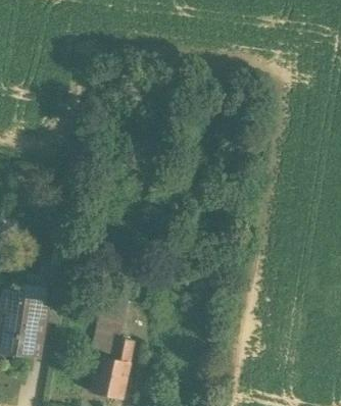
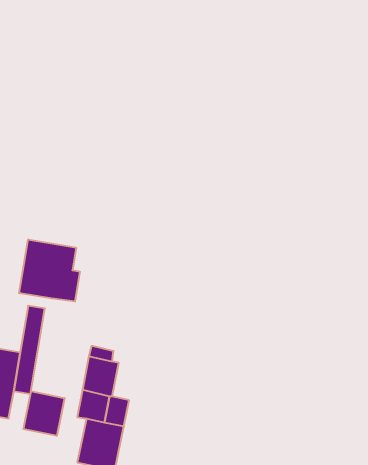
building: none -> [19,239,80,302]
building: none -> [23,391,65,436]

